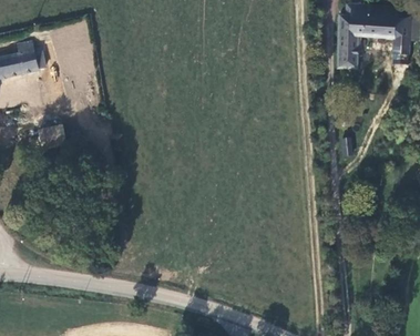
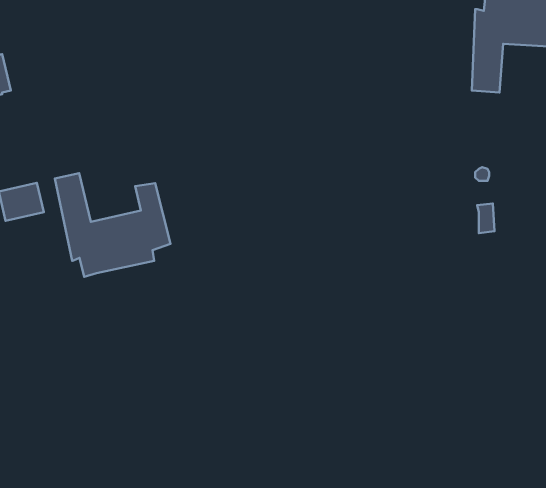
building: none -> [55,173,170,277]

